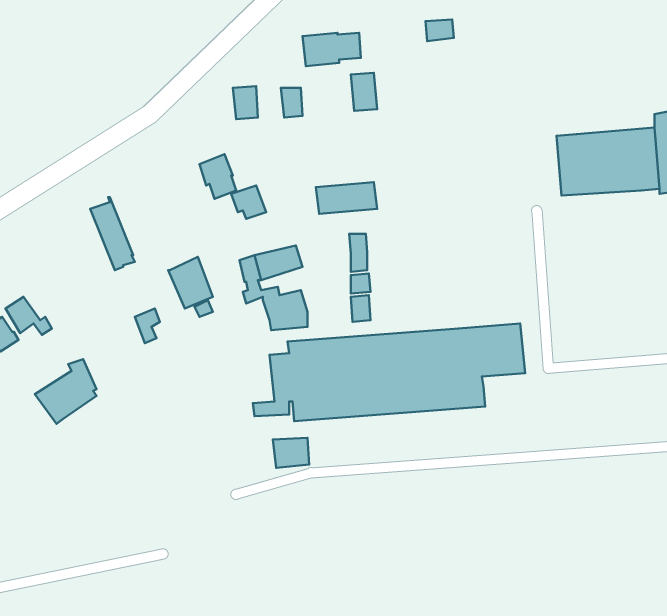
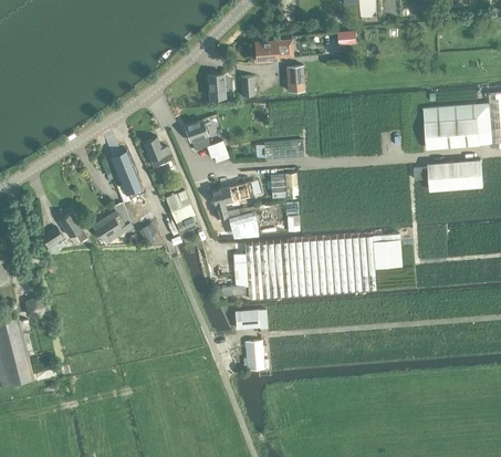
building: none -> [142,137,171,168]
building: none -> [413,159,482,191]
building: [35,359,96,424] -> [91,202,132,246]
building: none -> [244,341,263,370]

